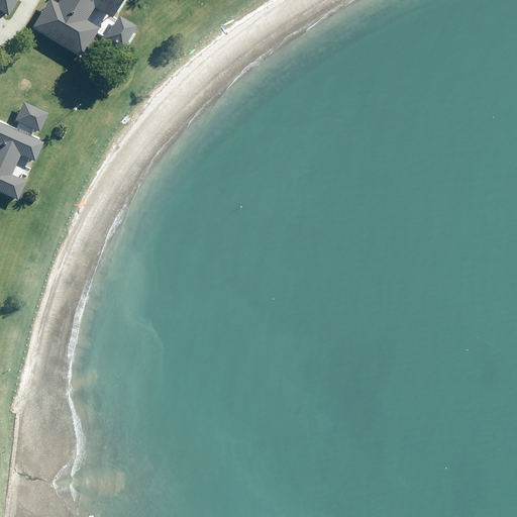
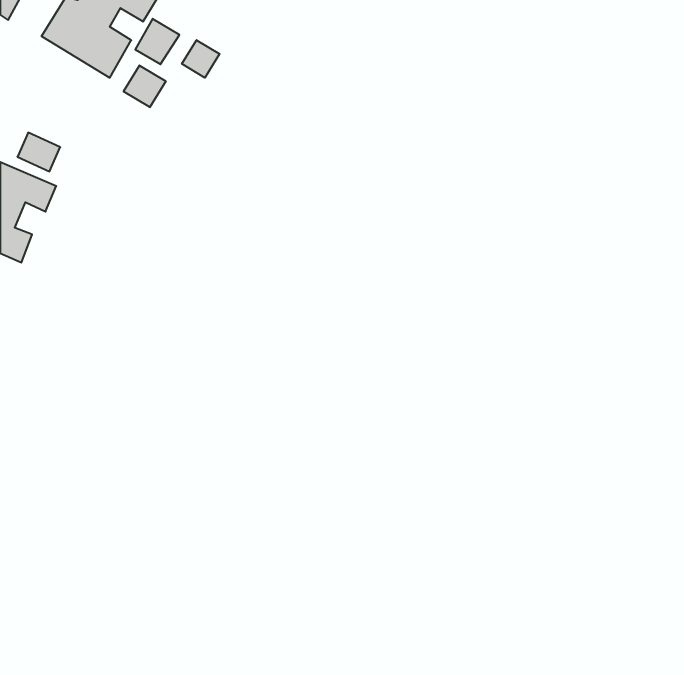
building: none -> [182,40,220,78]
building: none -> [124,65,166,107]

